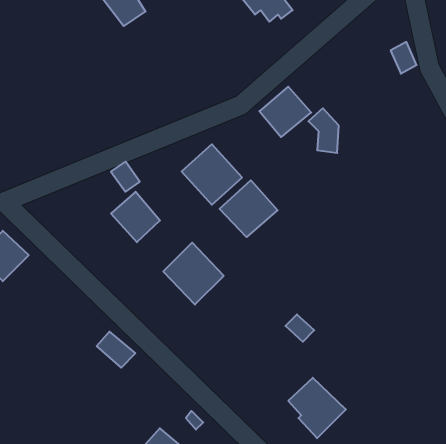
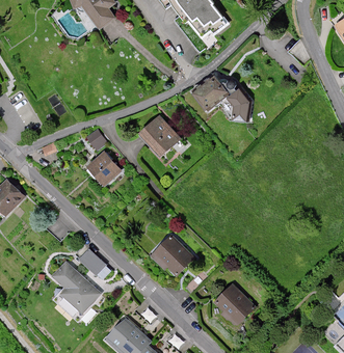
building: [220,180,278,237] -> none
building: [163,243,224,305] -> [152,233,195,277]
building: none -> [50,262,99,314]

